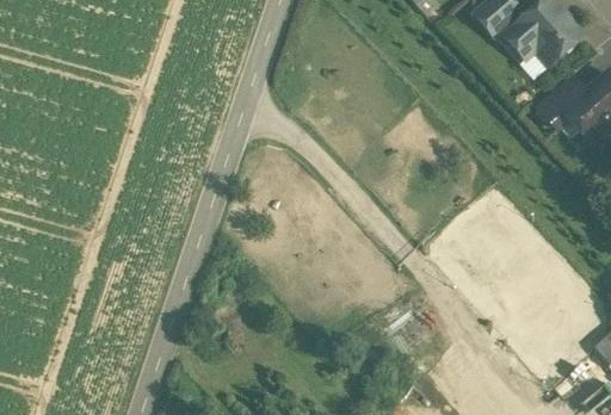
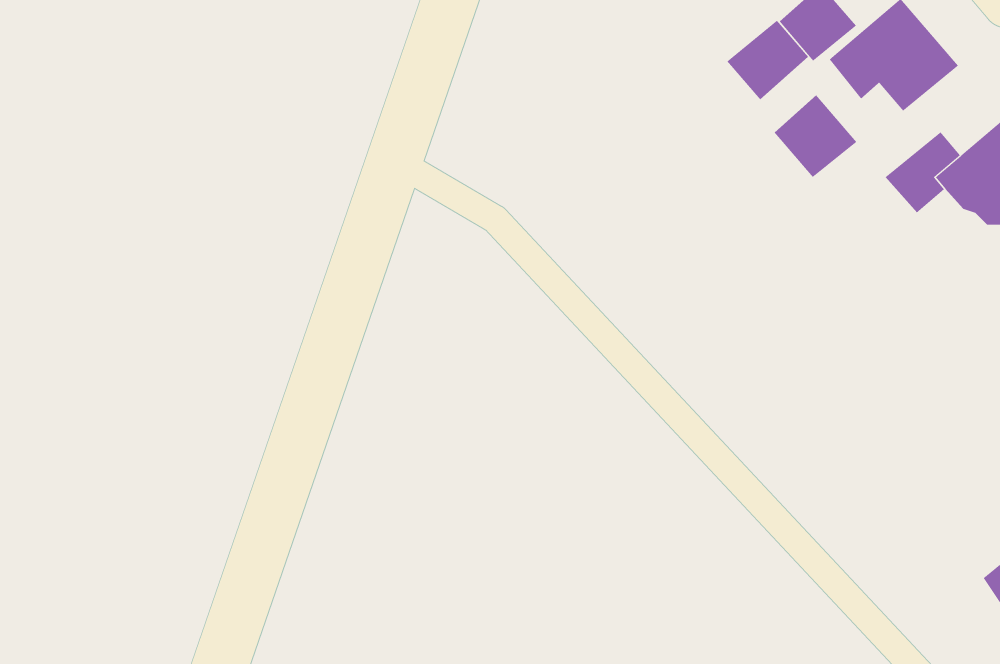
building: none -> [726,20,809,100]
building: none -> [774,94,857,178]

